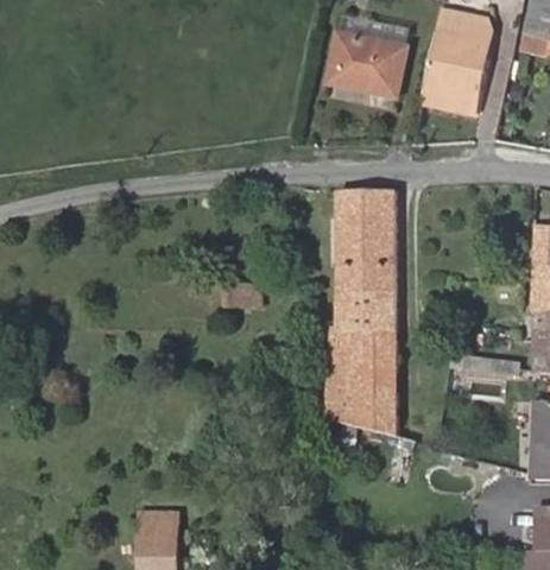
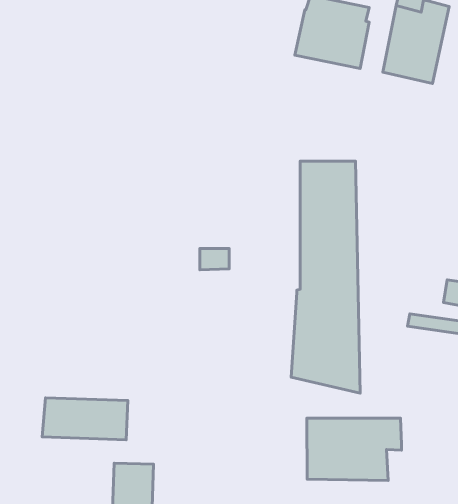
building: none -> [42,398,128,440]
building: none -> [307,418,402,480]

